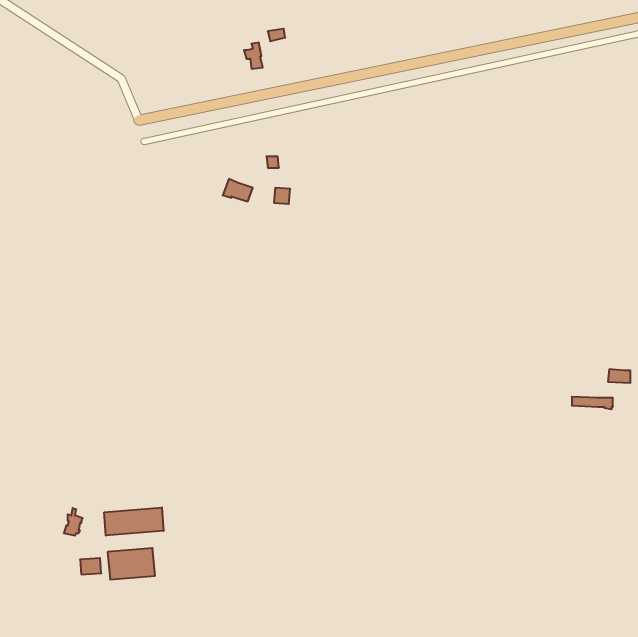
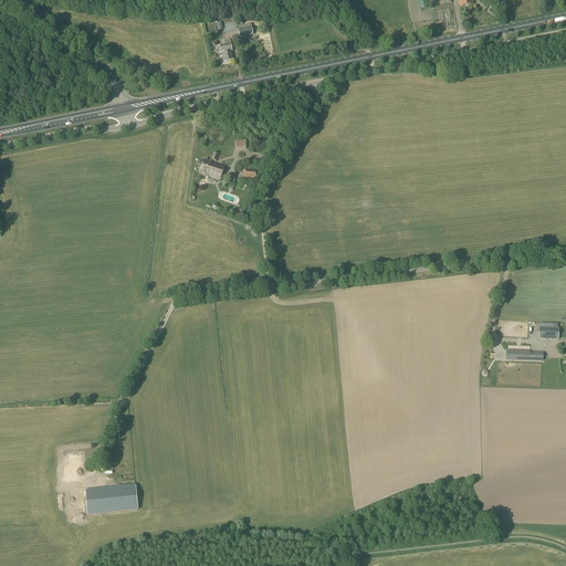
building: [104,507,164,536] -> none

